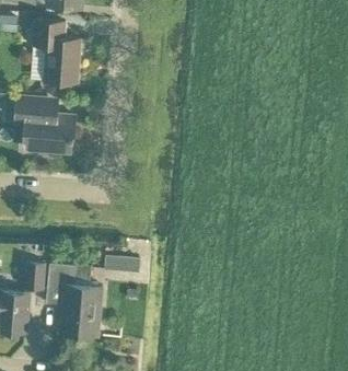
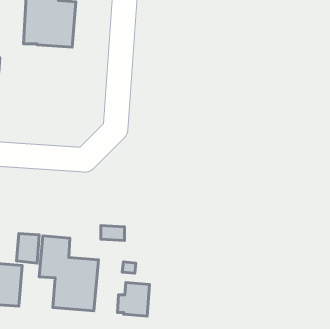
building: [16,95,77,152] -> none
building: none -> [117,283,150,316]

